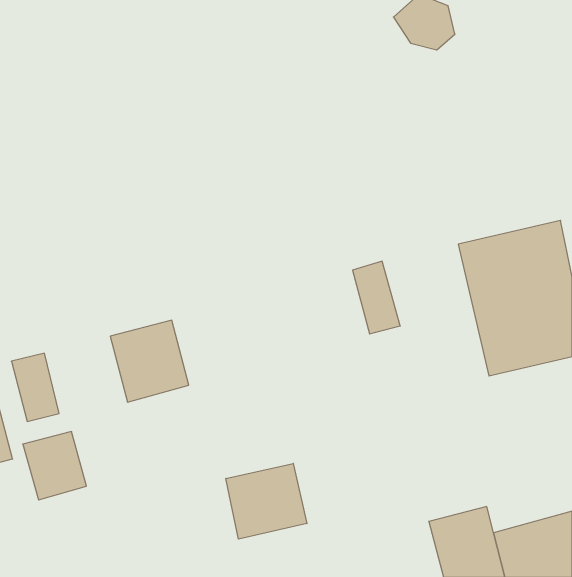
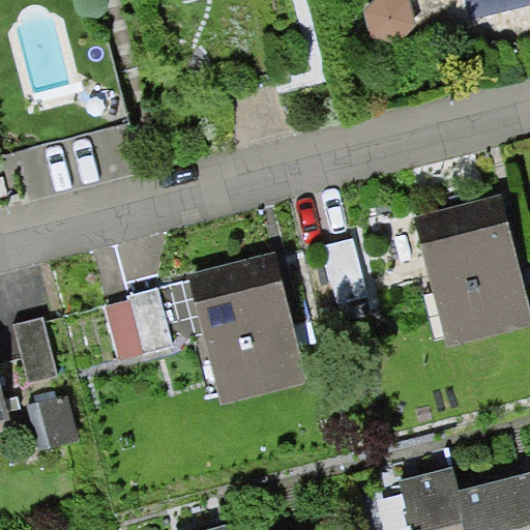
building: none -> [194,263,308,402]
building: [226,463,307,539] -> none

